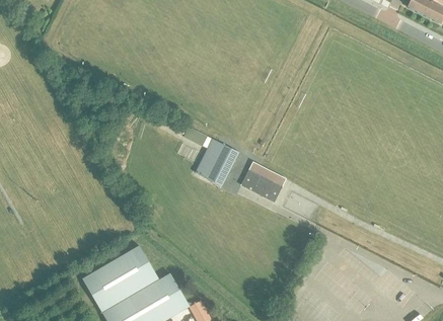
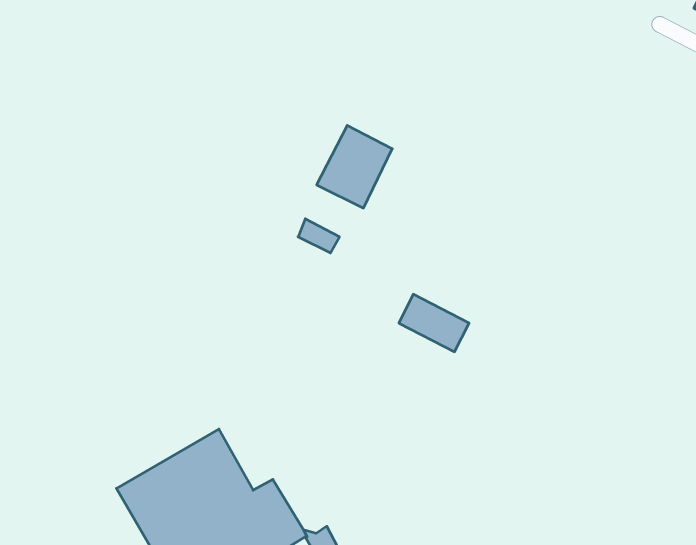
building: [195,138,237,184] -> [317,125,392,208]

